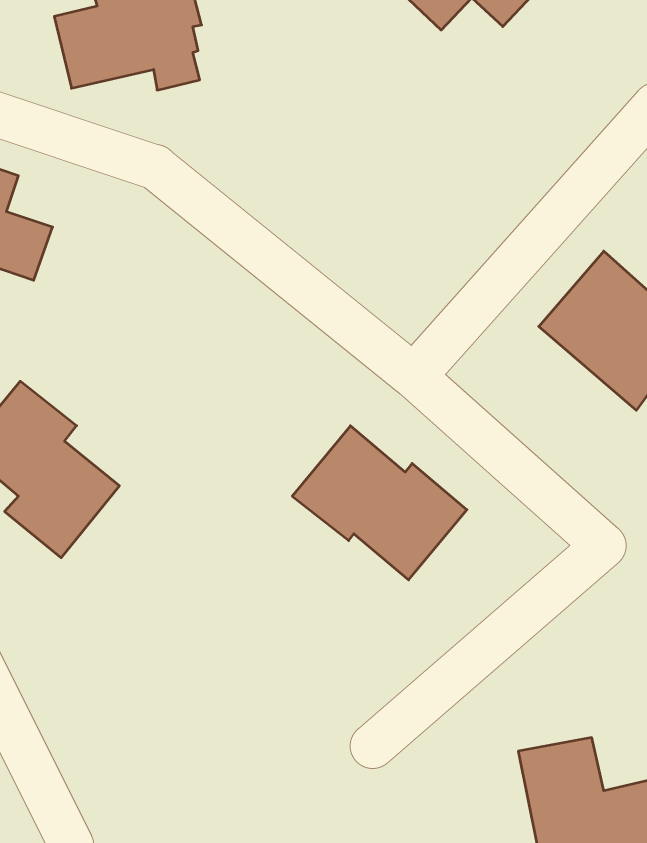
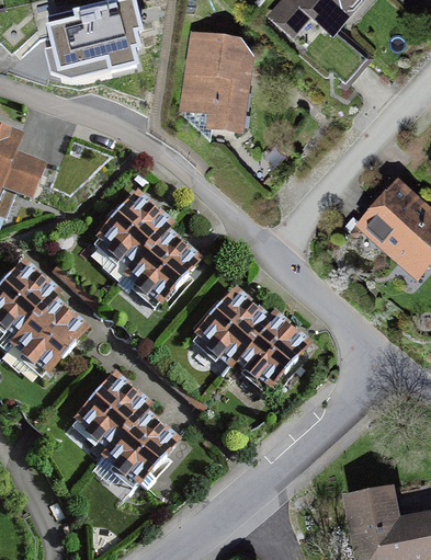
building: none -> [180,30,252,133]
building: none -> [99,190,197,301]
building: none -> [82,386,172,488]

